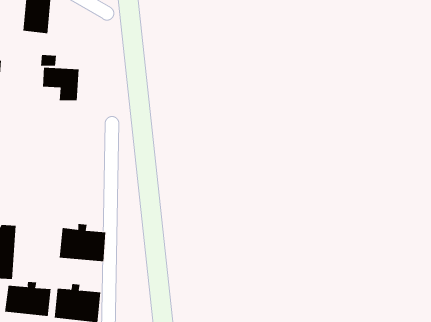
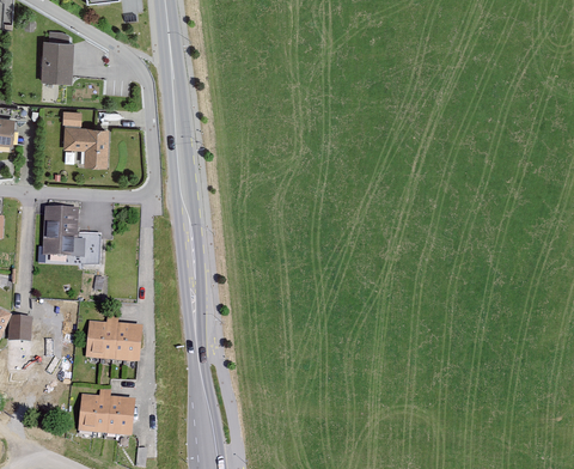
building: none -> [42,208,100,266]
building: [5,281,51,317] -> none

